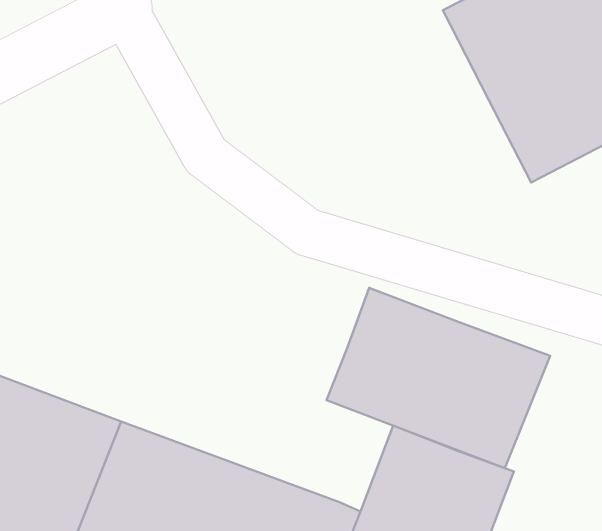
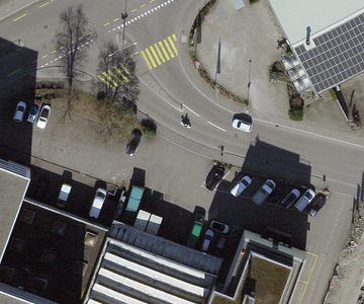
building: [327,288,550,468] -> none

